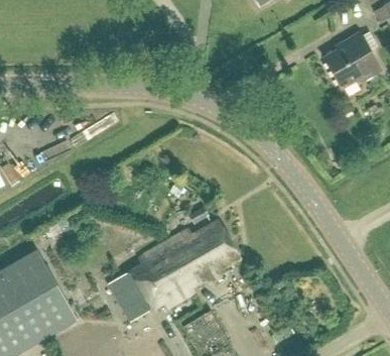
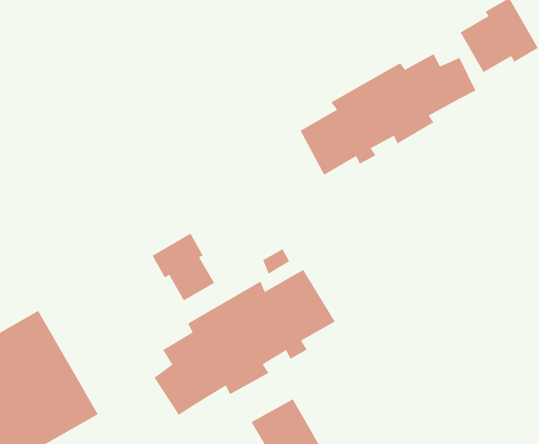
building: none -> [299,53,477,176]
building: none -> [151,233,215,301]

